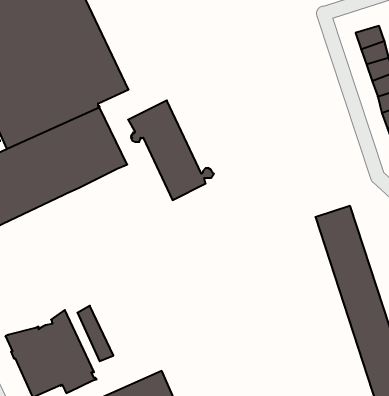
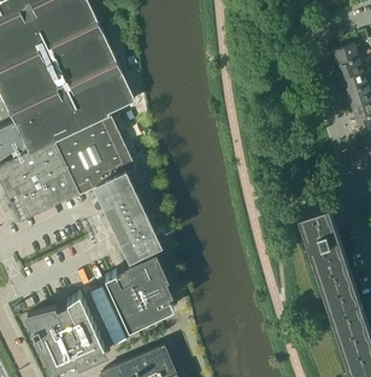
building: [128,100,214,200] -> [92,169,166,255]
building: none -> [105,253,175,326]

